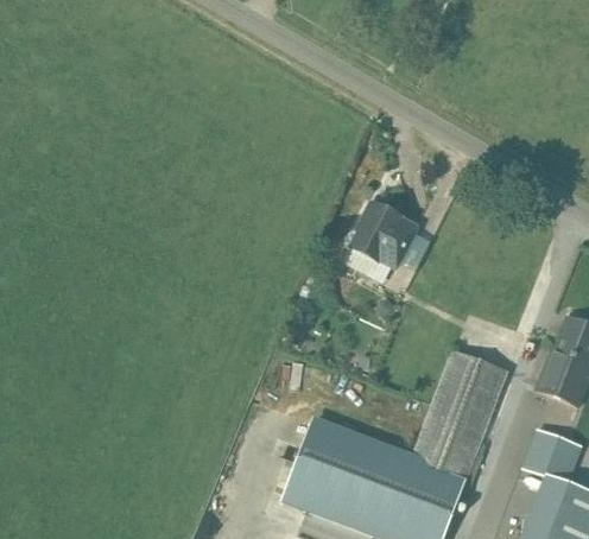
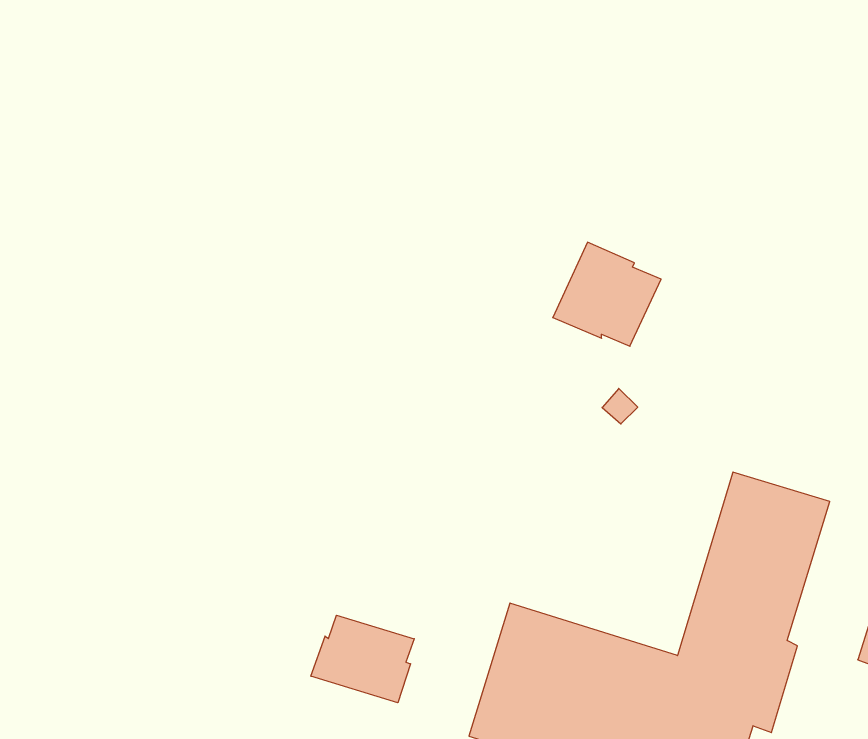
building: none -> [311,615,414,703]

